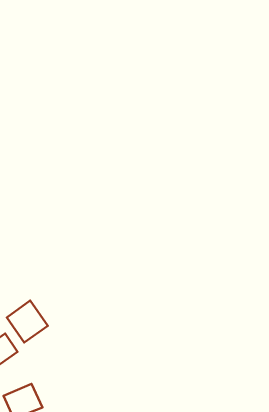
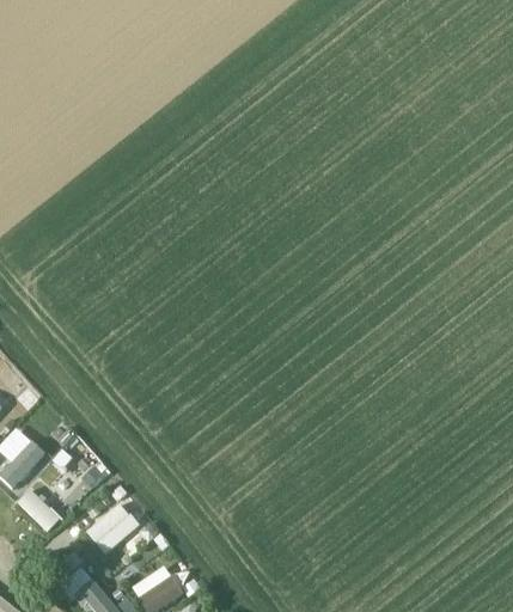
building: [7,301,48,343] -> none

